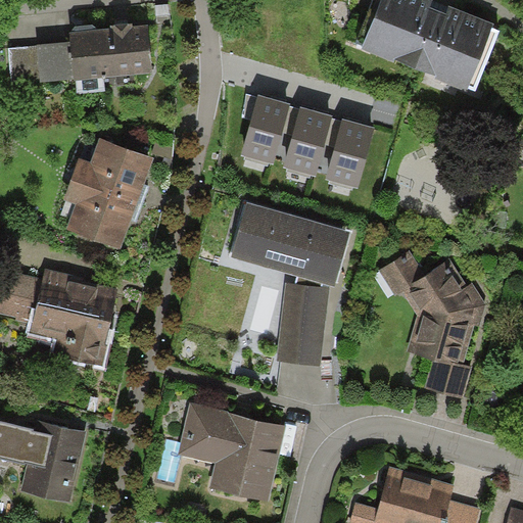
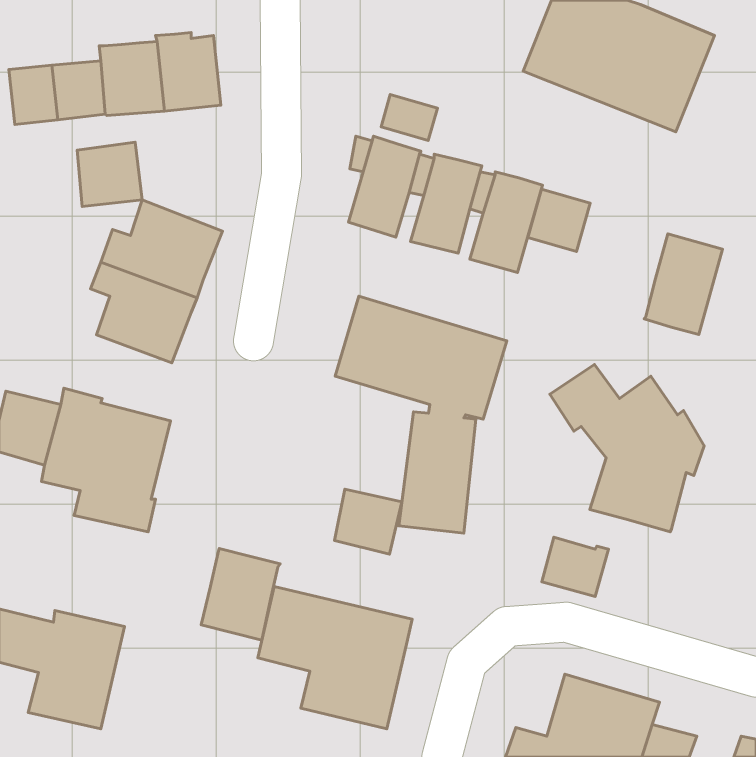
building: none -> [381,94,438,141]
building: none -> [77,142,142,206]
building: none -> [528,189,590,251]
building: none -> [644,234,723,334]
building: none -> [334,489,402,554]
building: [425,359,471,399] -> [542,537,609,597]
building: none -> [201,549,280,640]

